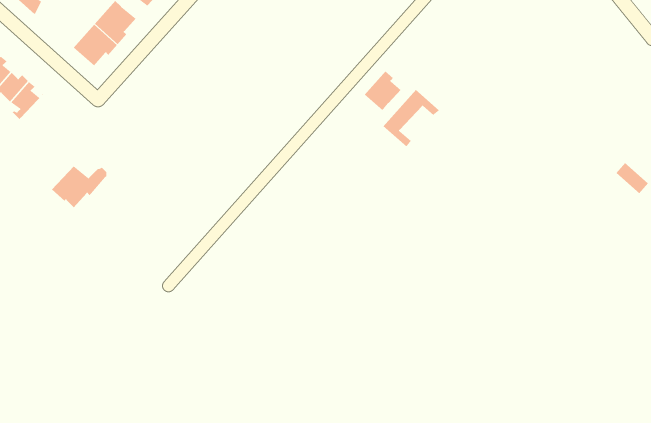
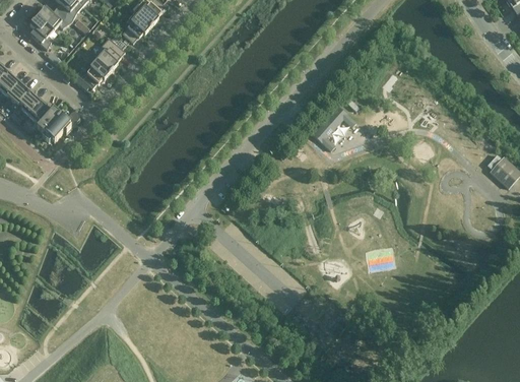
building: [364,71,402,111] -> none
building: [51,166,107,208] -> [36,109,78,141]

